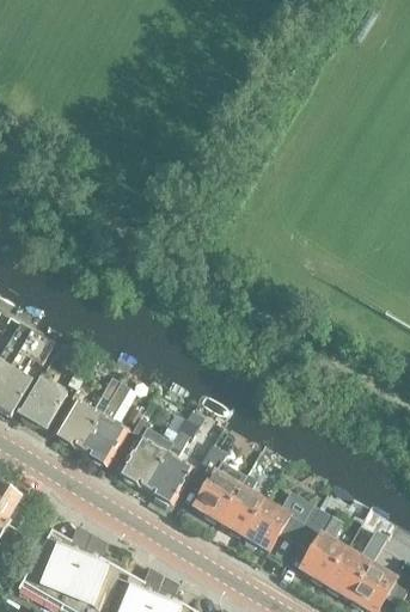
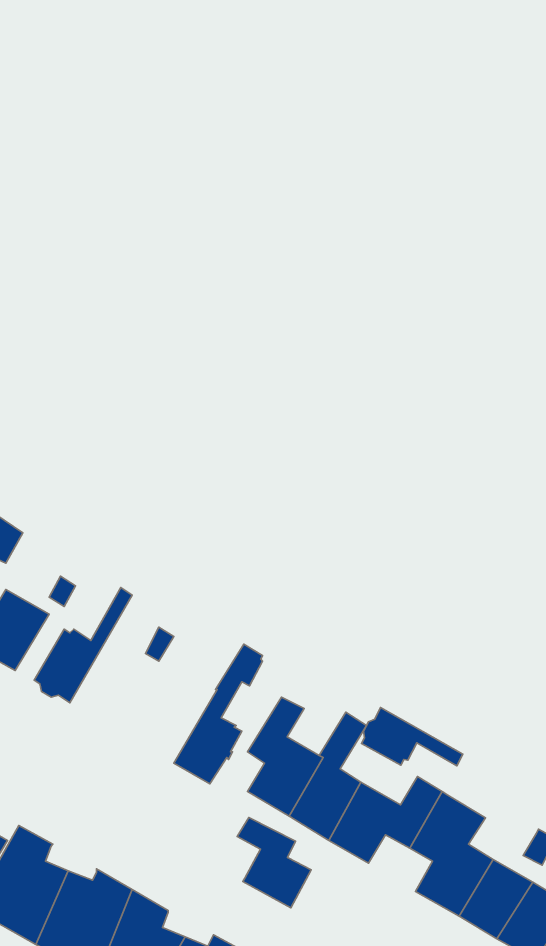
building: [80,380,129,461] -> none
building: [122,424,173,486] -> none
building: none -> [362,708,463,766]
building: none -> [237,817,311,908]

